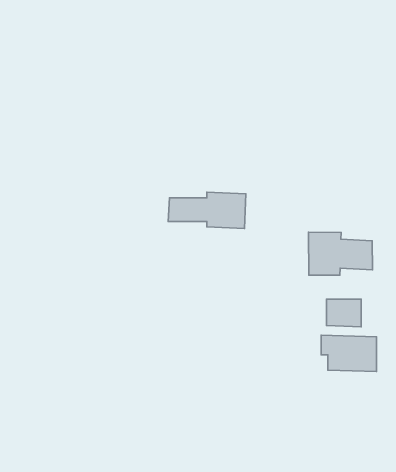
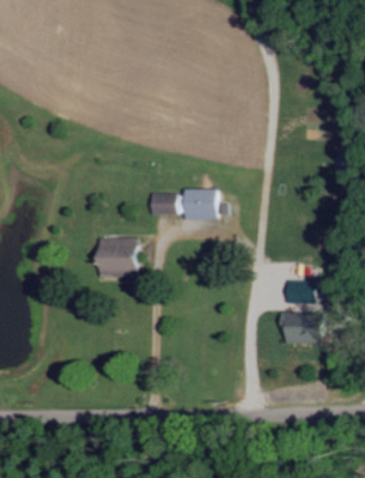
building: [309,232,373,275] -> none
building: none -> [97,237,140,276]

